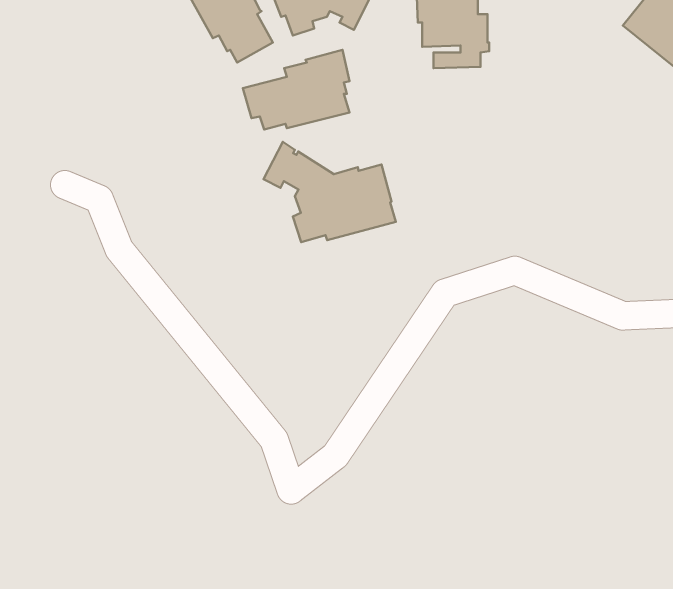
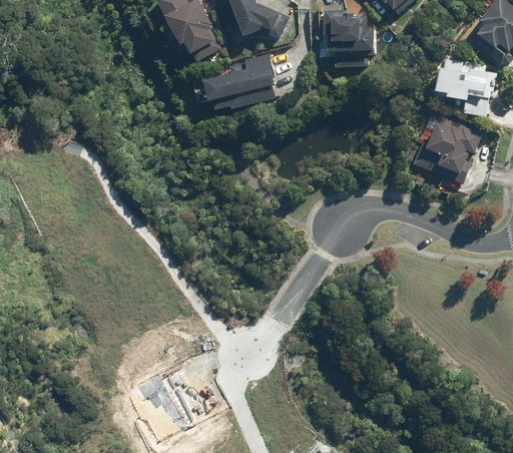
building: none -> [434,59,498,116]
building: none -> [413,116,482,184]
building: [264,142,396,242] -> none

